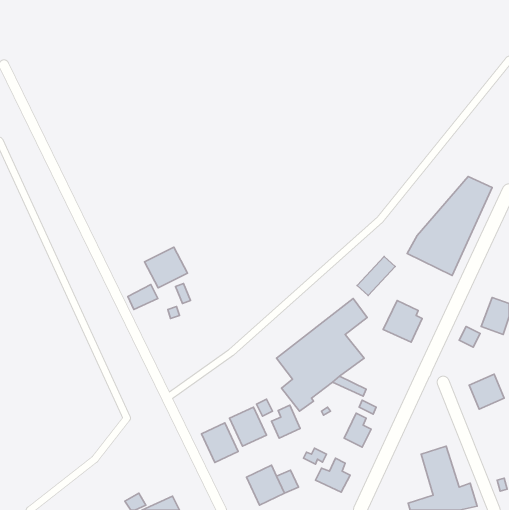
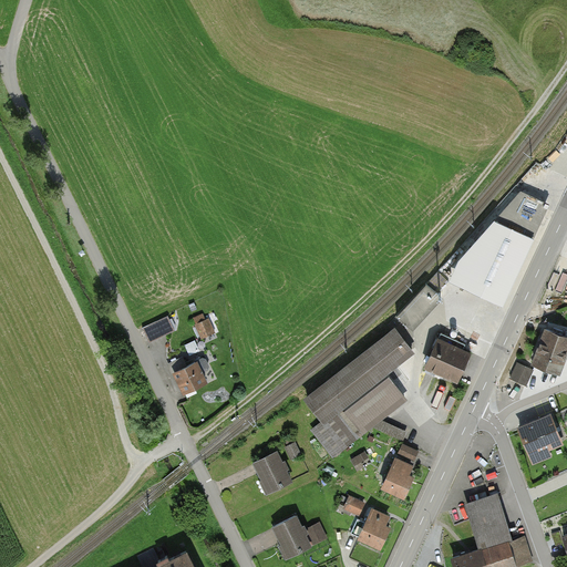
building: [144,247,187,288] -> none
building: none -> [167,357,208,393]
building: [271,405,300,438] -> none
building: [201,423,238,463] -> none

